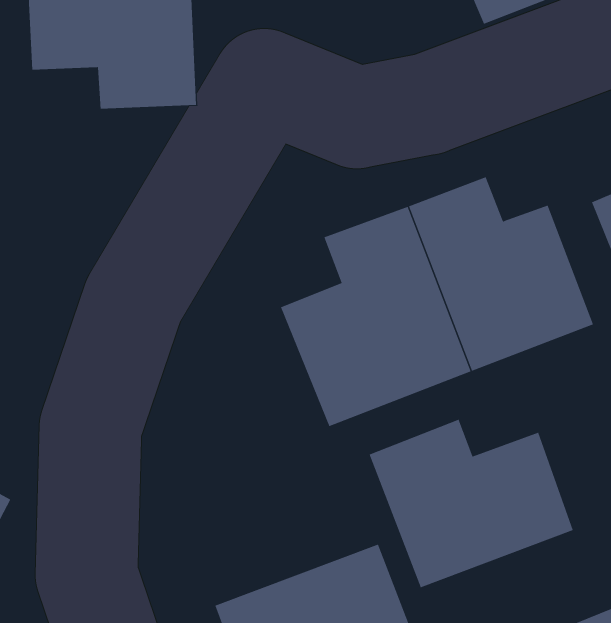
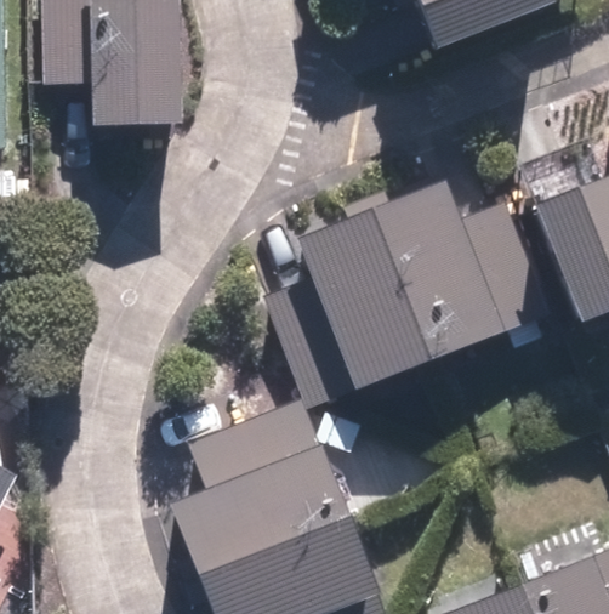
building: [369,419,573,588] -> none
building: none -> [175,403,349,568]

